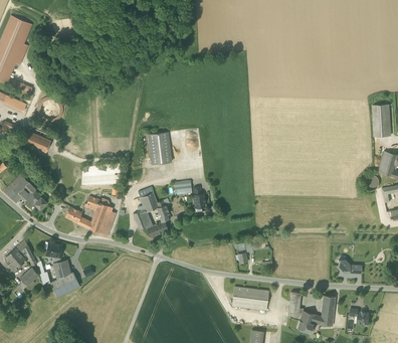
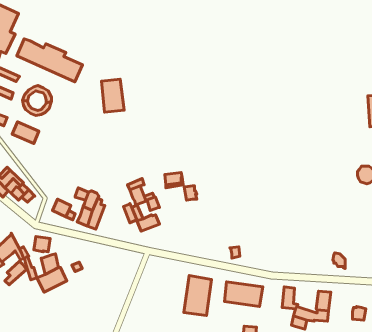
building: none -> [17,39,82,82]
building: [149,132,171,164] -> [101,79,124,112]
building: none -> [184,275,211,315]

